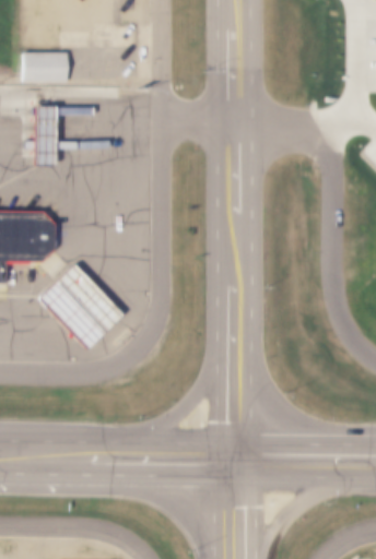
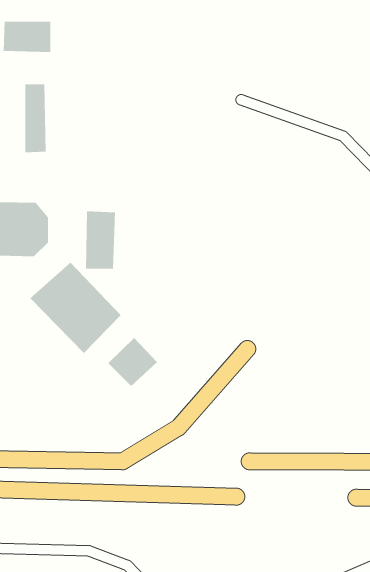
building: none -> [86,210,115,270]
building: none -> [107,337,158,387]

